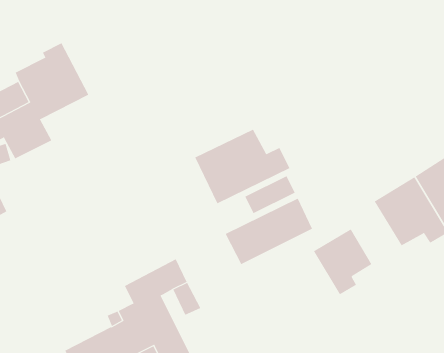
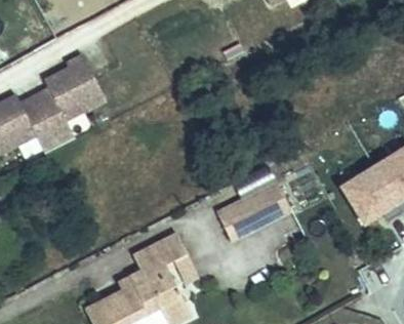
building: [194,129,290,204] -> none
building: [313,228,372,295] -> none

